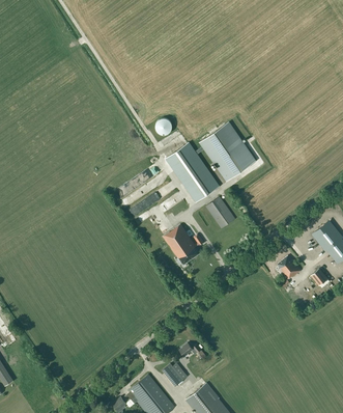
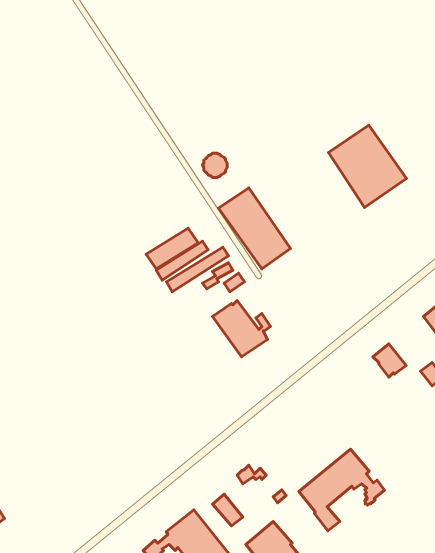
building: [200,121,256,181] -> [328,125,406,207]
building: [205,196,234,227] -> none
building: none -> [299,449,384,531]

